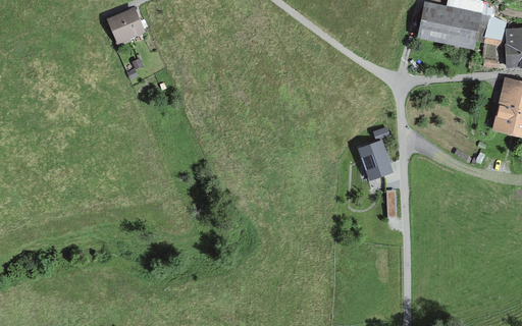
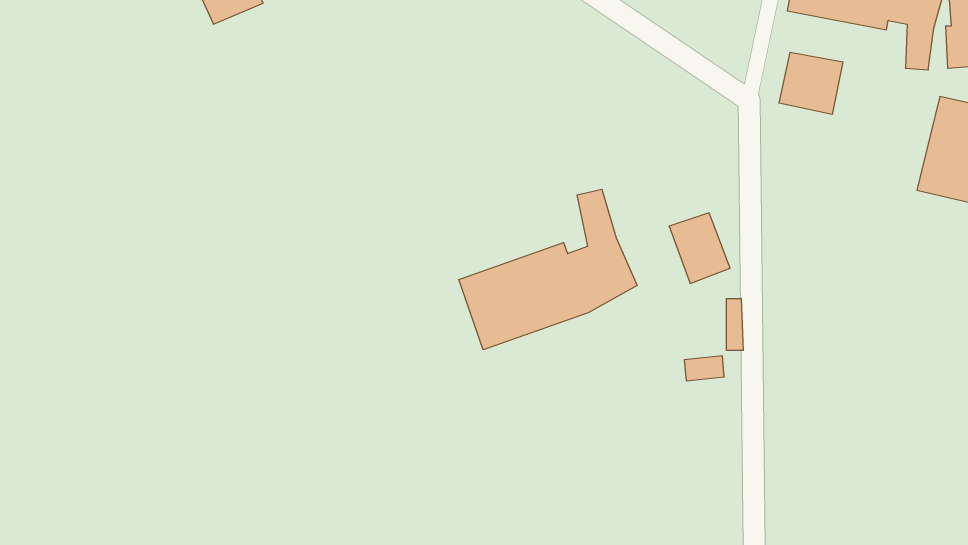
building: none -> [779,52,843,114]
building: none -> [459,189,637,350]

